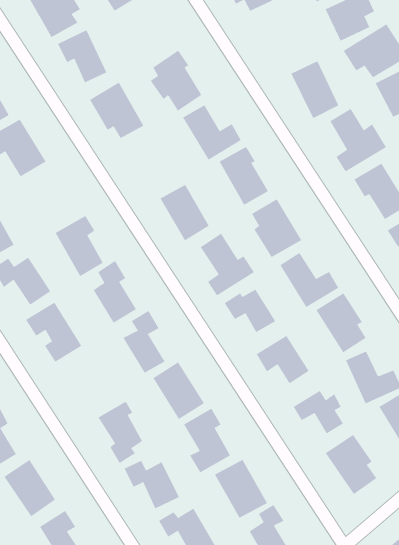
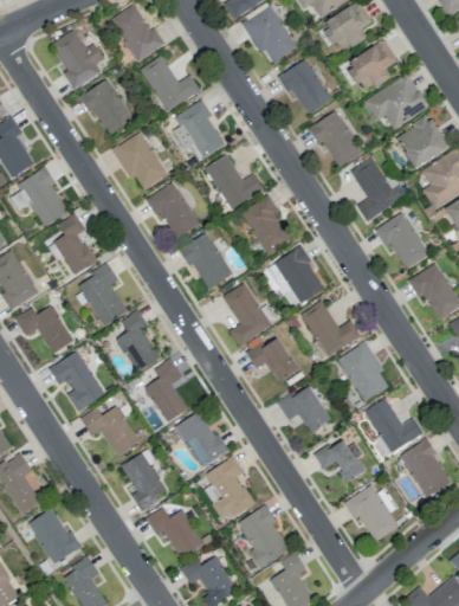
building: none -> [141,56,201,111]
building: none -> [280,58,331,116]
building: none -> [149,181,200,239]
building: none -> [53,213,97,275]
building: none -> [80,405,140,456]

